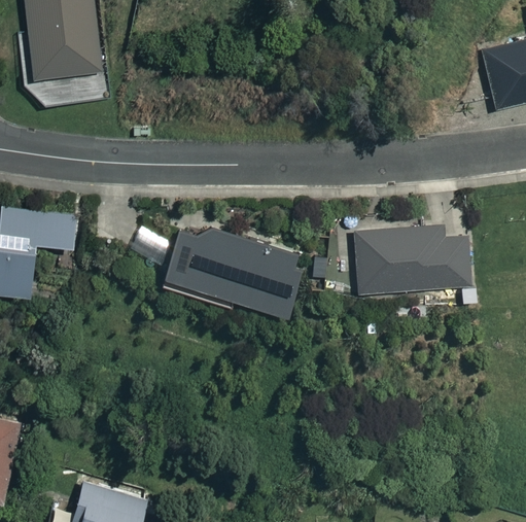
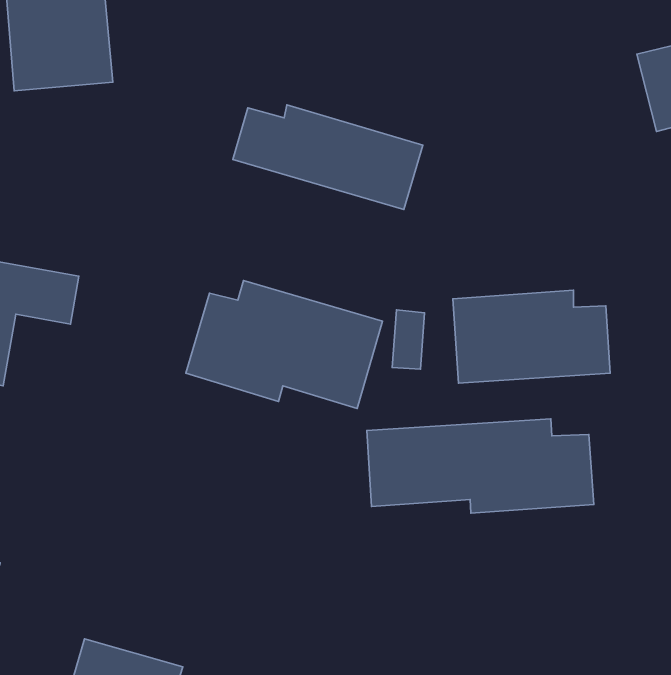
building: none -> [233,105,423,209]
building: none -> [367,419,594,513]

